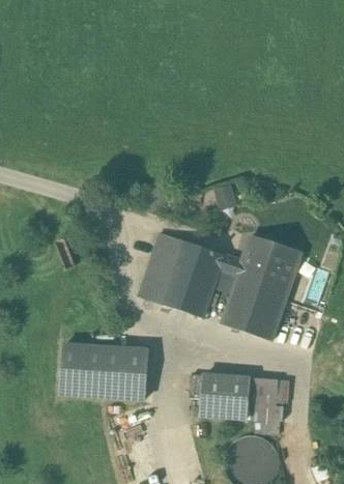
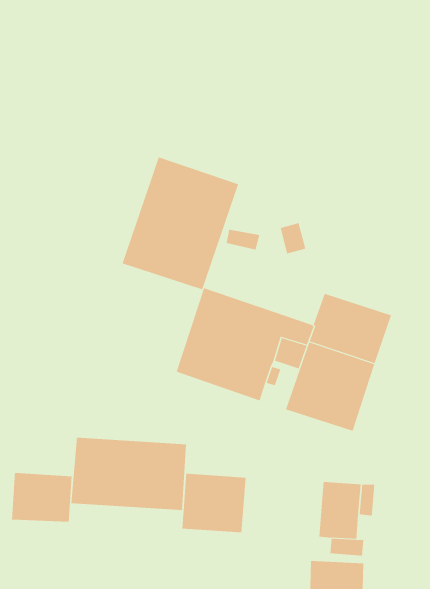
building: none -> [122,157,239,290]
building: none -> [11,472,72,523]
building: [200,374,249,419] -> [181,473,246,533]

